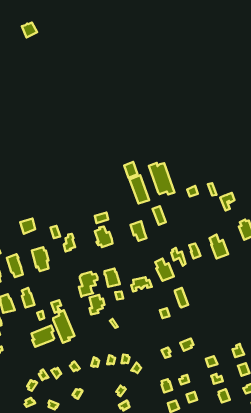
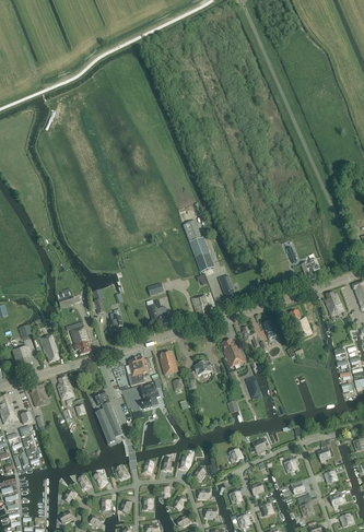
building: [149,163,175,194] -> none
building: [32,325,54,347] -> none

